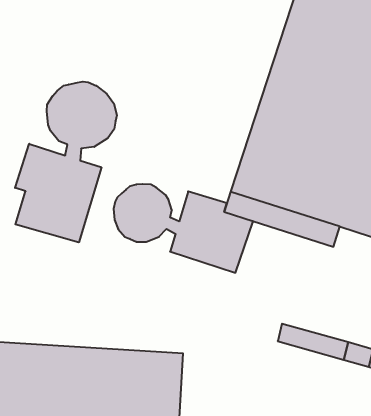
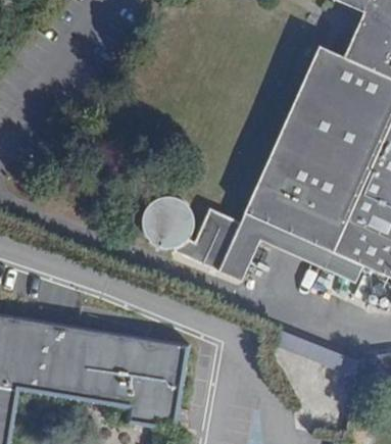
building: [15,82,117,242] -> none

